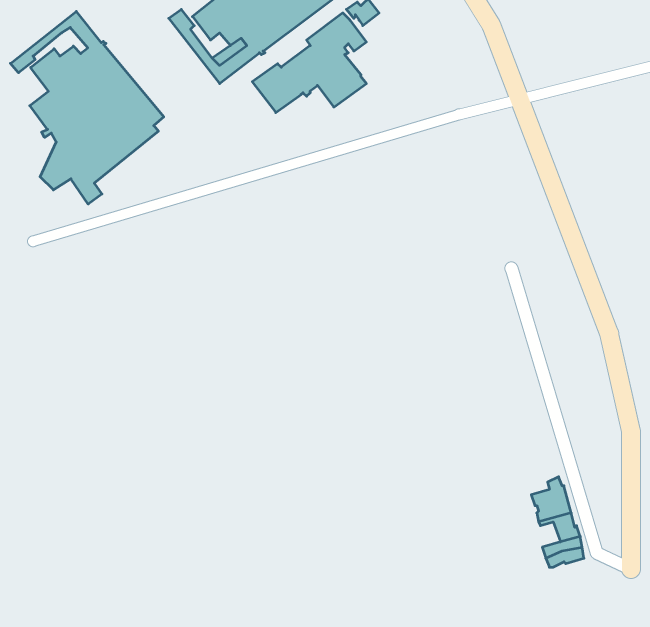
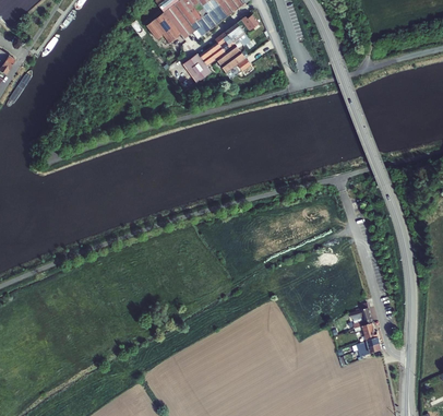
building: [10,11,164,204] -> none

